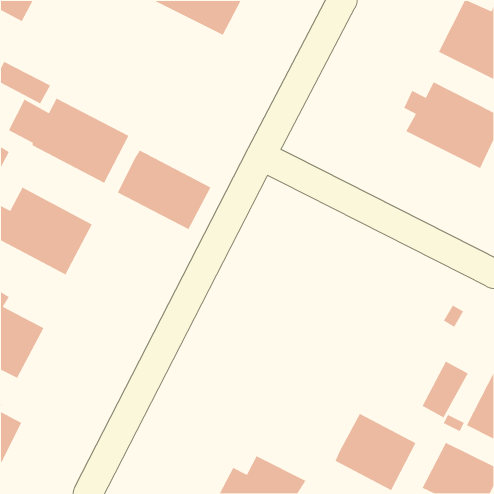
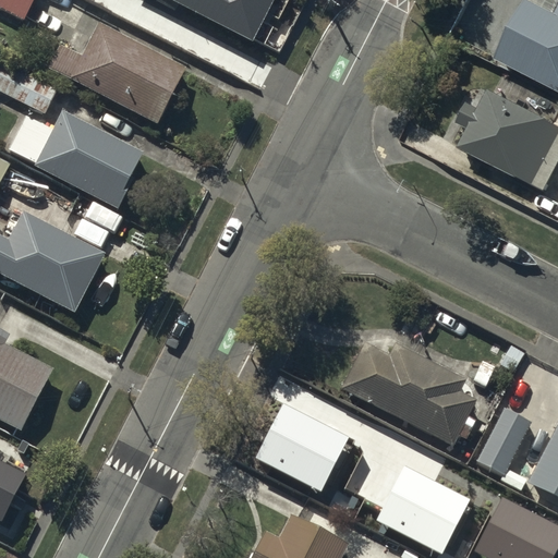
building: none -> [48,22,185,122]
building: [117,150,212,230] -> none
building: none -> [337,338,473,441]
building: none -> [255,403,349,490]

